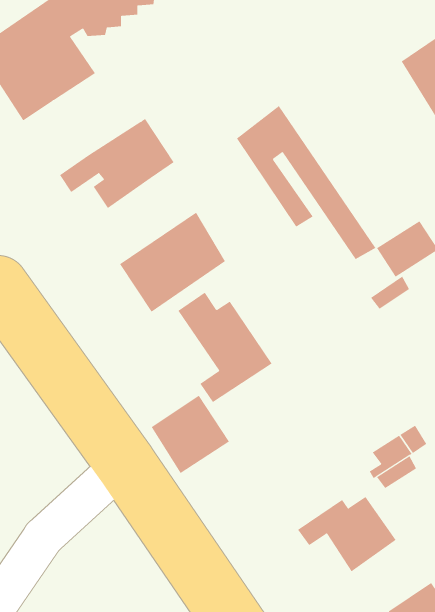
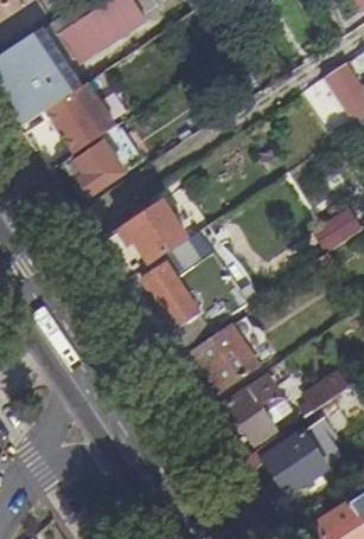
building: none -> [44,81,115,152]
building: [236,105,376,260] -> none
building: [151,395,230,474] -> [194,325,258,389]
building: none -> [228,378,276,442]

